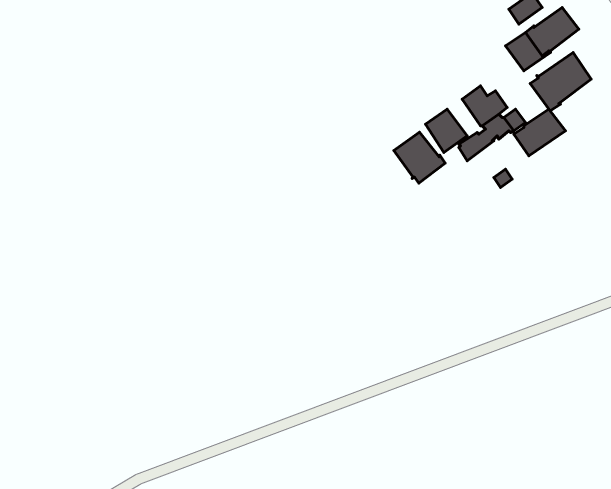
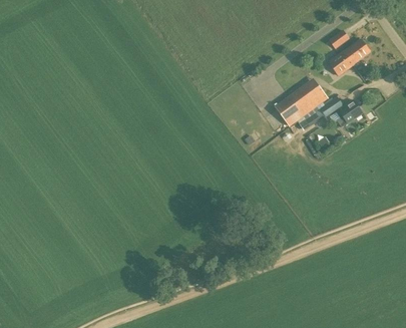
building: [530,53,591,111] -> none
building: [394,132,445,183] -> none

